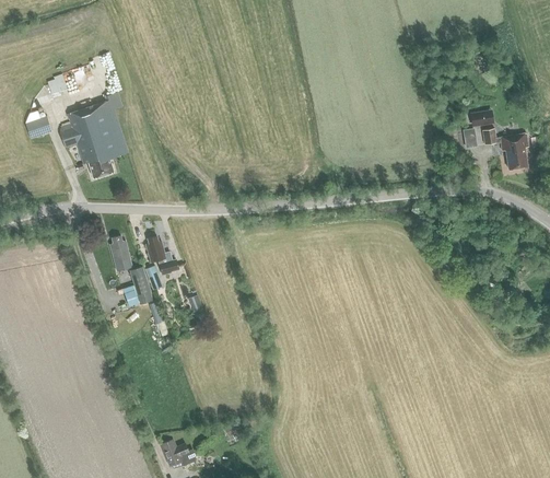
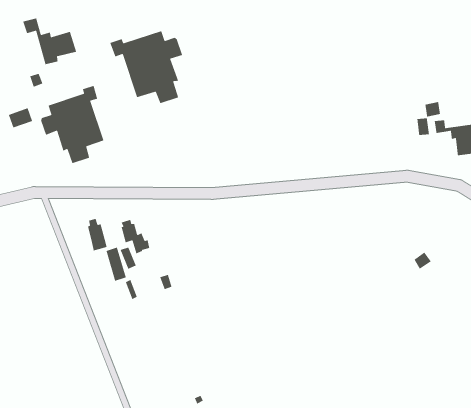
building: none -> [22,17,77,65]
building: none -> [109,30,183,104]

